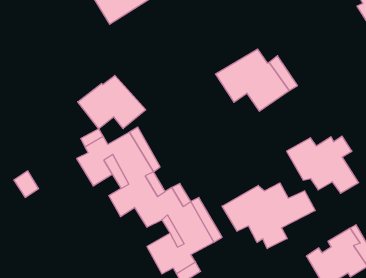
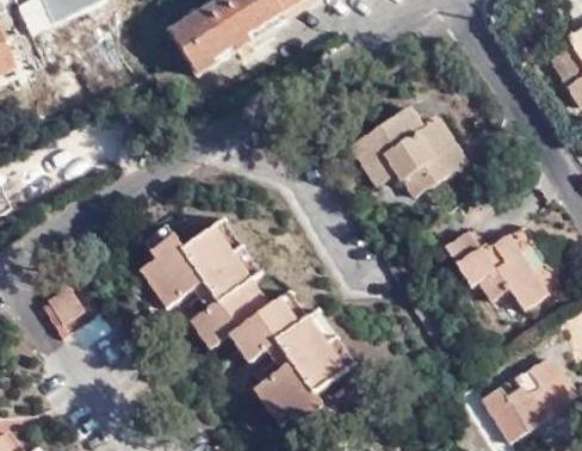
building: [78,75,146,129] -> none
building: [222,183,315,249] -> none

